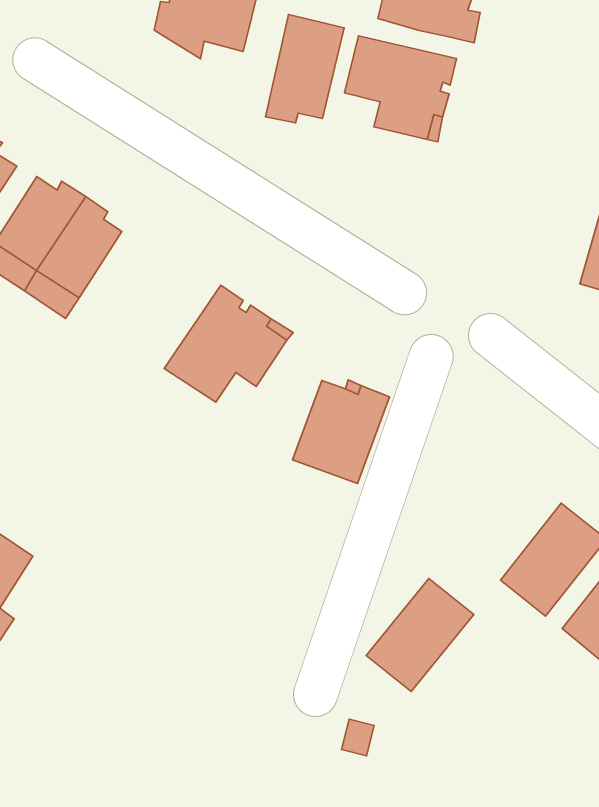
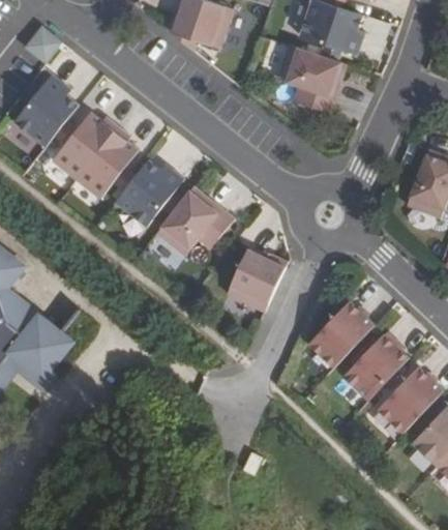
building: [266,15,344,123] -> none
building: none -> [116,159,184,226]
building: [366,579,474,692] -> [308,301,375,367]

